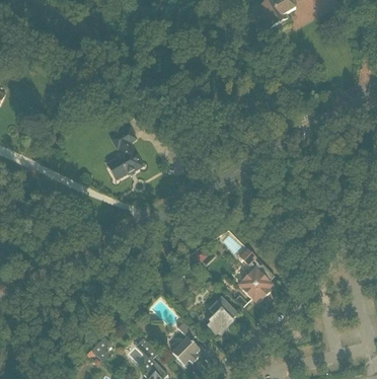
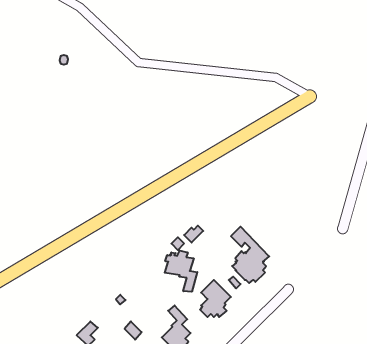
building: [106,127,142,178] -> none
building: none -> [165,250,197,292]

